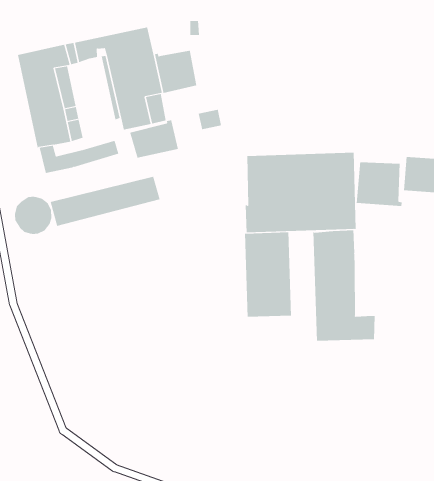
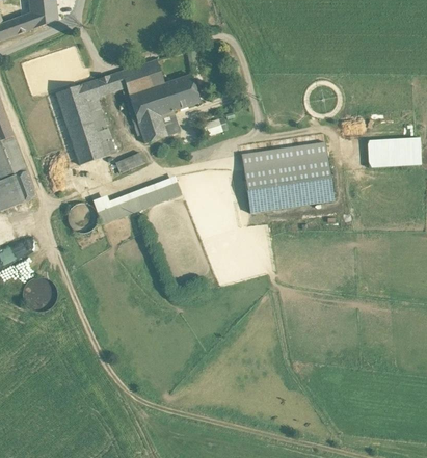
building: [129,119,178,159] -> none
building: [356,162,402,207] -> none
building: [313,229,375,341] -> none
building: [244,232,292,318] -> none

